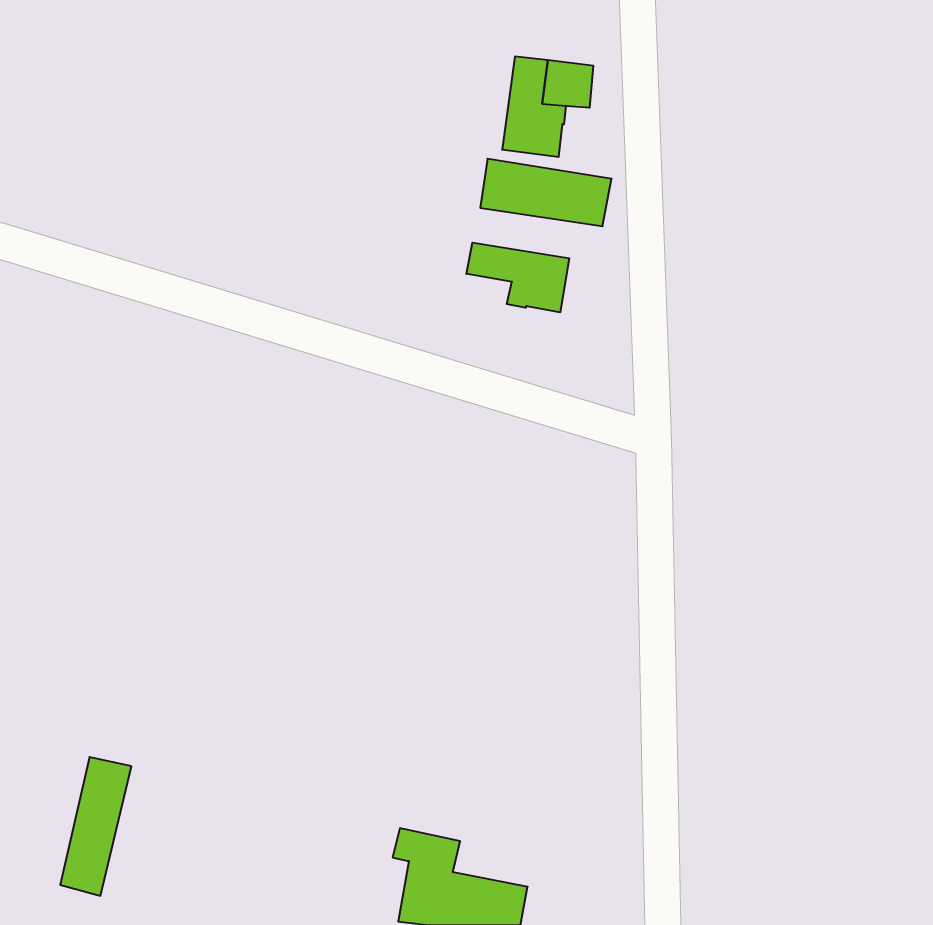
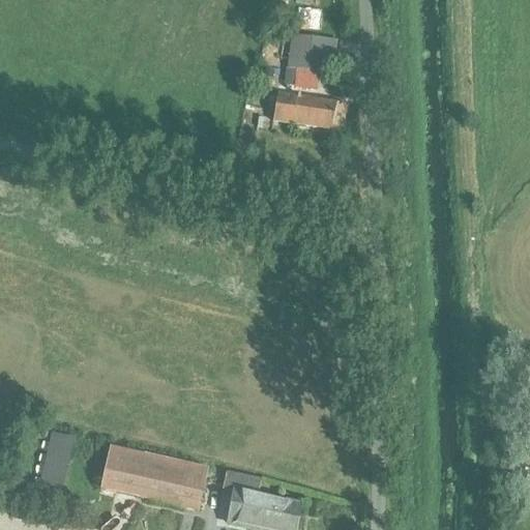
building: [466,243,569,312] -> none
building: none -> [100,443,208,509]

